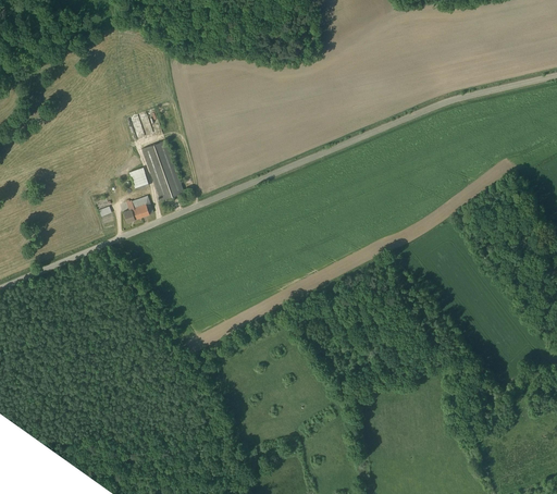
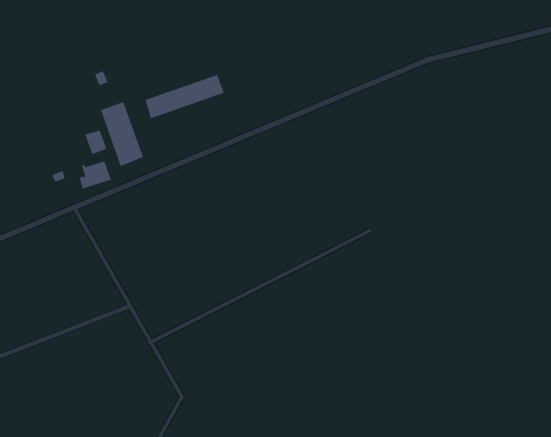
building: none -> [145,74,224,119]

